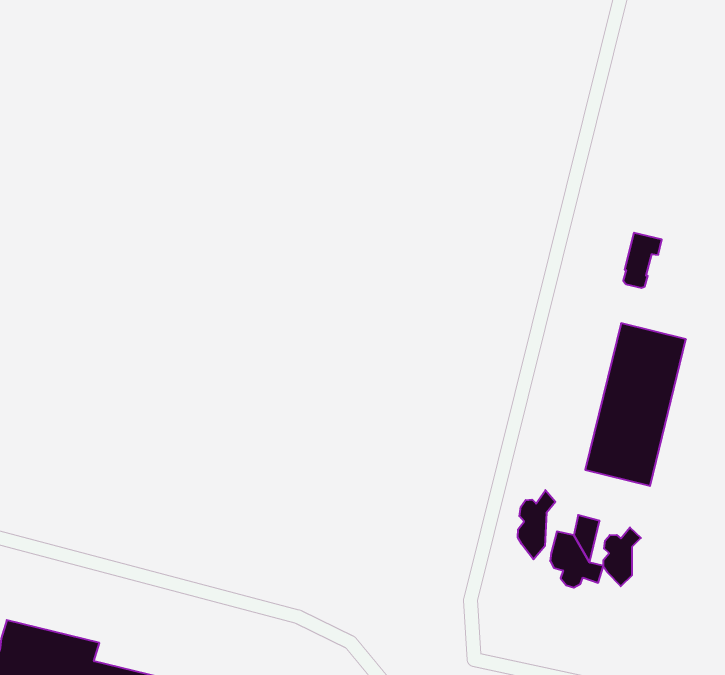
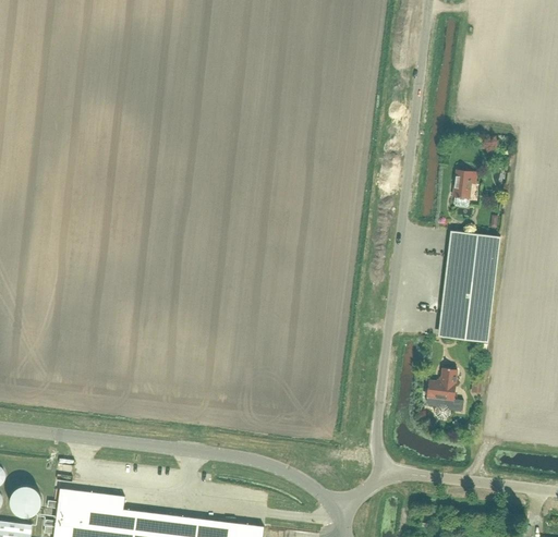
building: [518,490,555,559] -> none
building: [603,527,641,586] -> none

